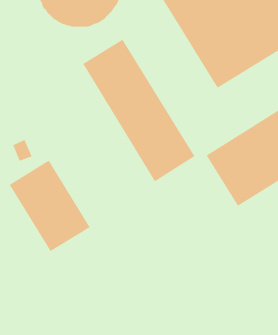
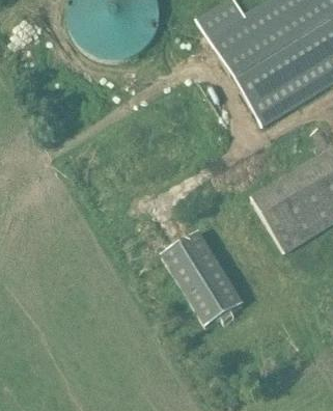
building: [83,39,195,182] -> none
building: [9,160,90,252] -> [156,229,244,329]

